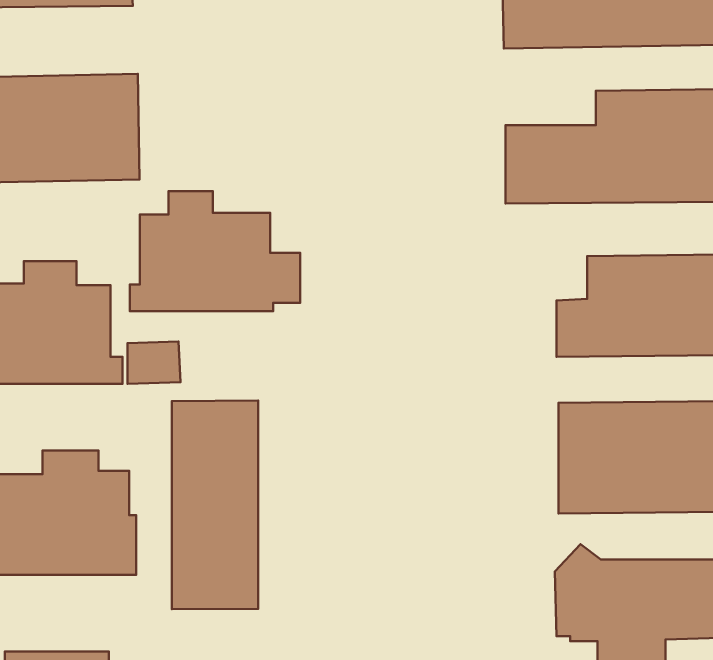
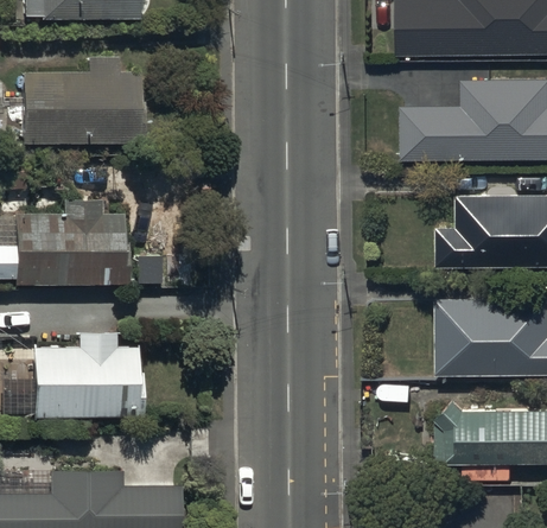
building: [130,191,300,311] -> none
building: [172,401,258,609] -> none

